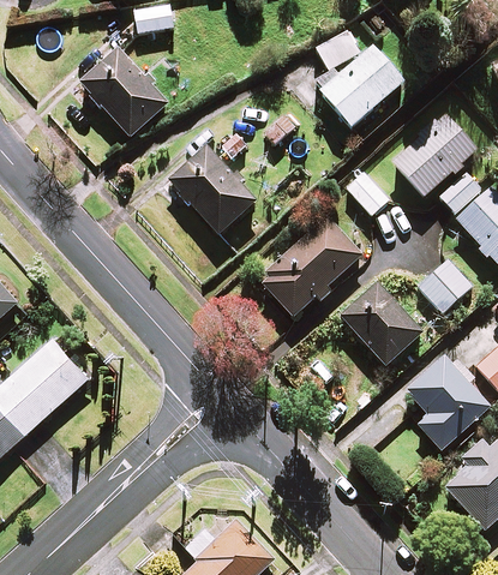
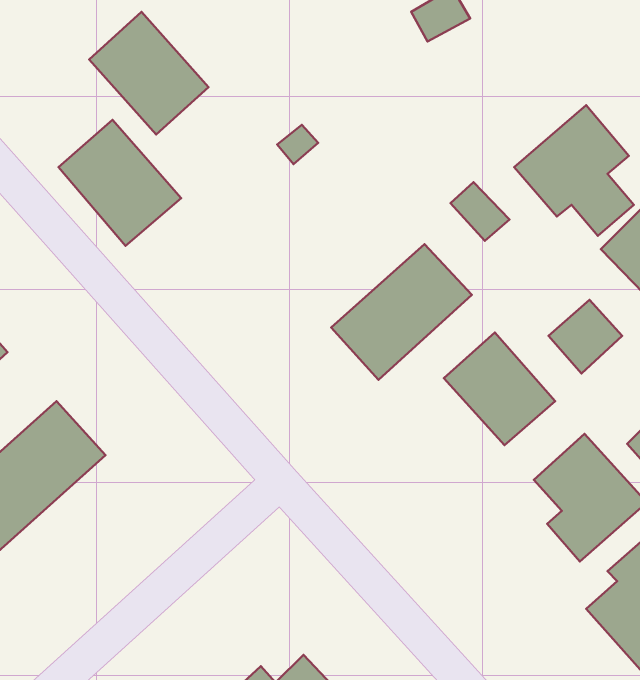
building: [320,47,404,128] -> none
building: [168,144,258,236] -> [58,120,181,246]

